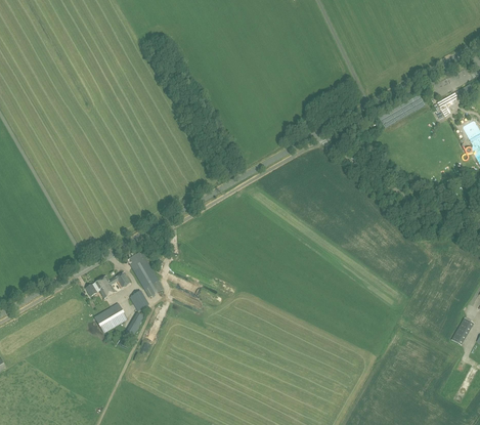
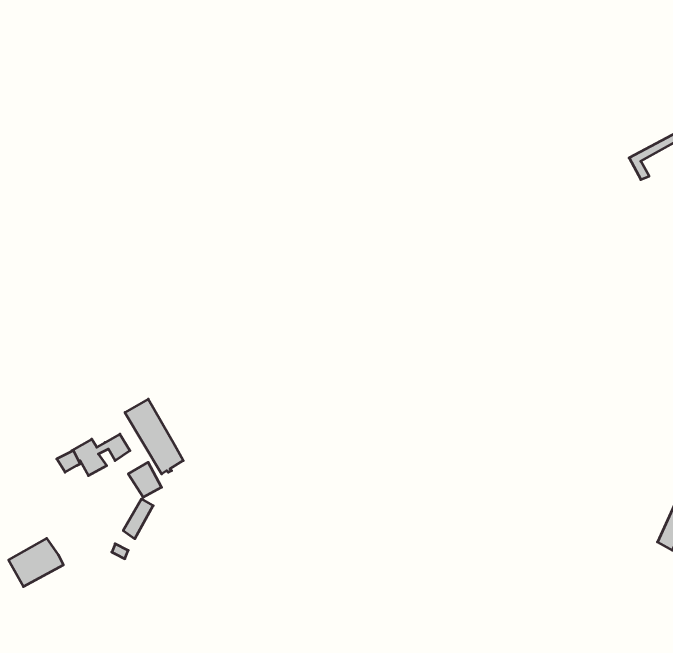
building: [93,302,127,332] -> [9,538,63,587]

